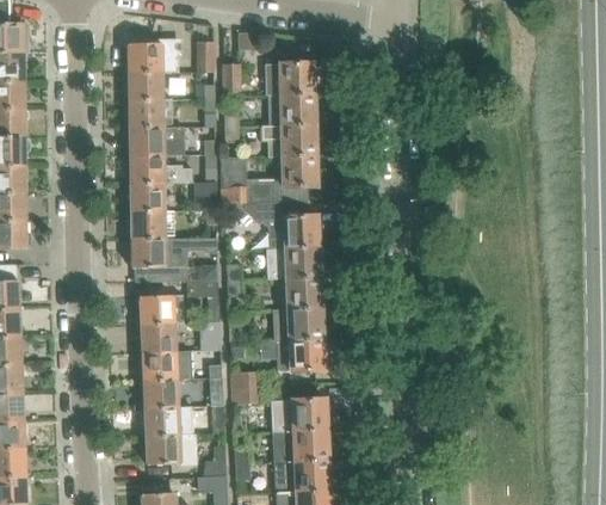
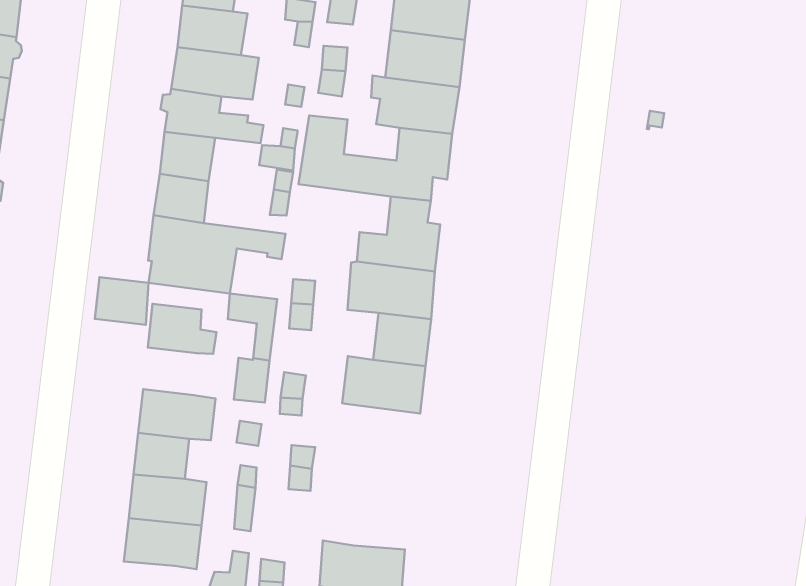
building: [141,324,175,352] -> [95,277,148,325]
building: [274,340,324,372] -> none
building: [272,399,327,432] -> none

